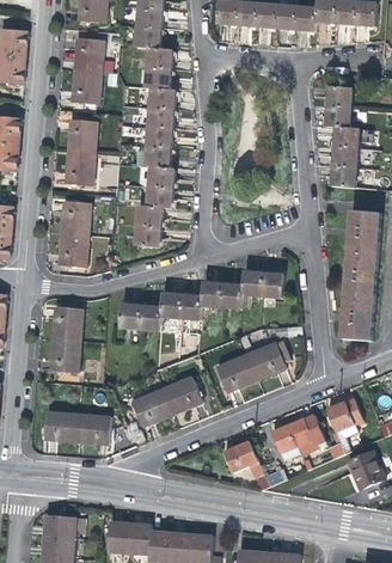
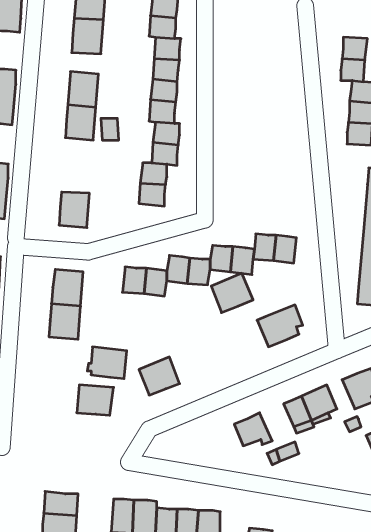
building: [62,201,91,234] -> none
building: [218,354,257,391] -> [211,273,253,313]
building: [164,377,203,414] -> none
building: [42,411,79,441] -> [87,347,127,379]

